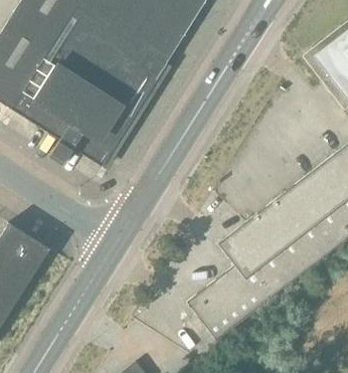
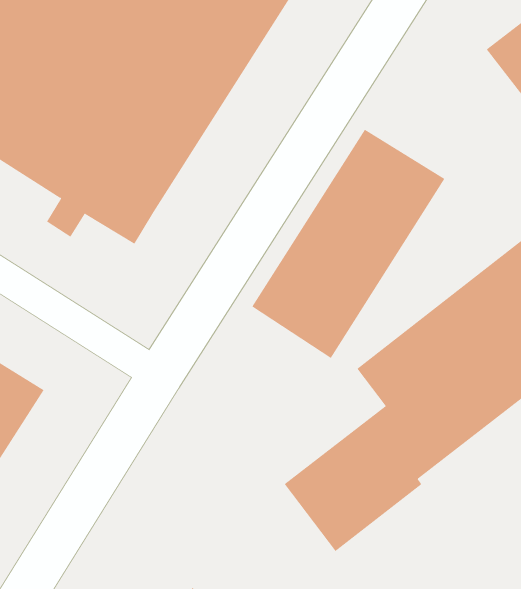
building: none -> [251,129,445,359]

